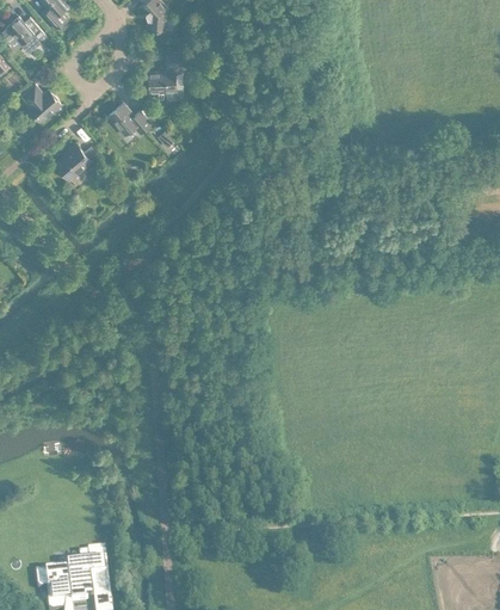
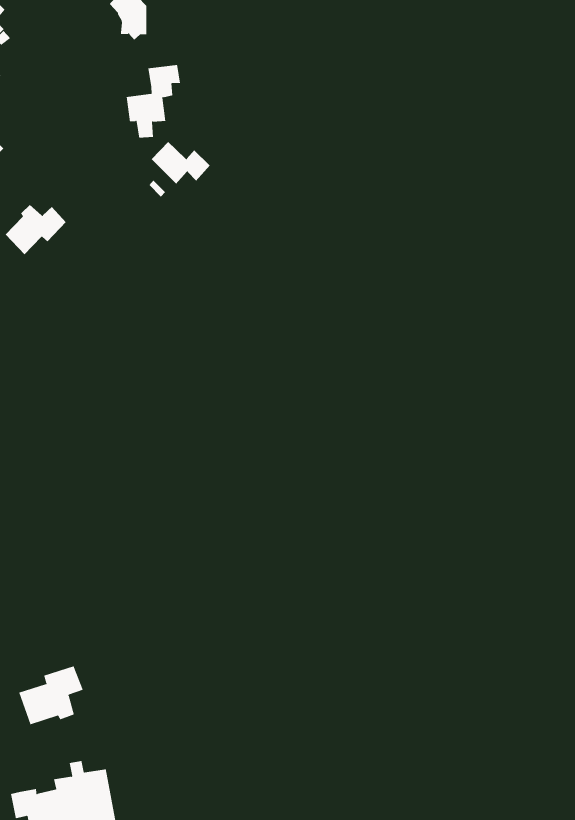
building: [109,105,150,136] -> [151,141,210,185]
building: none -> [18,666,83,725]

